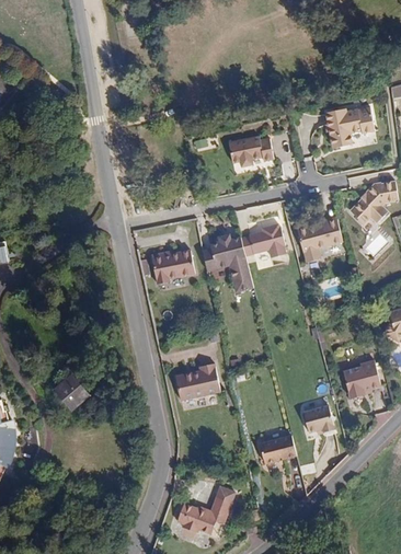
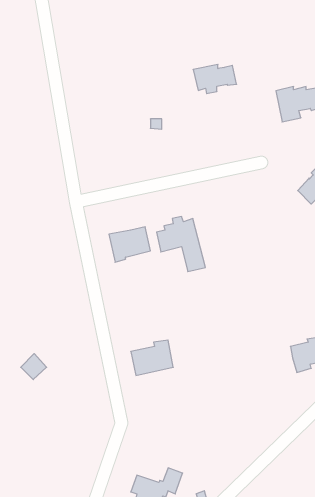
building: [230,134,276,164] -> [193,64,237,94]
building: [298,216,344,259] -> none
building: [241,217,289,264] -> none
building: [300,406,331,431] -> none
building: [256,435,293,462] -> none

